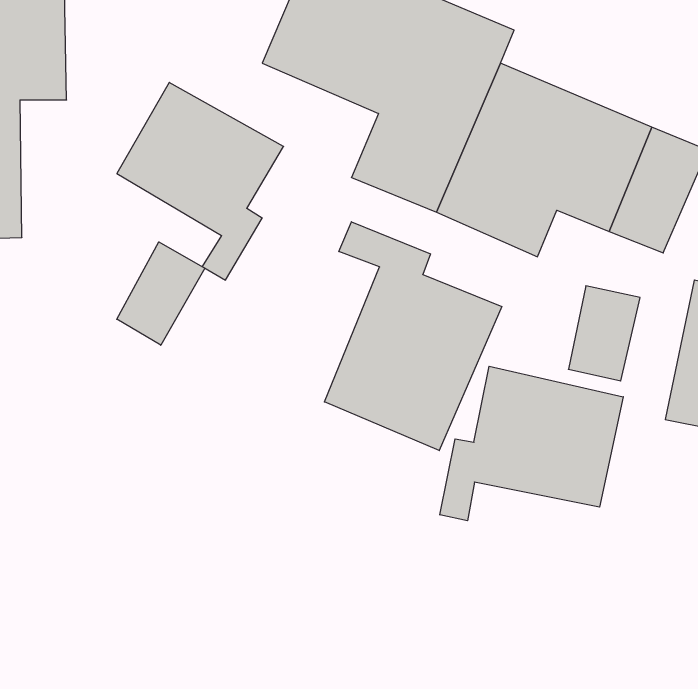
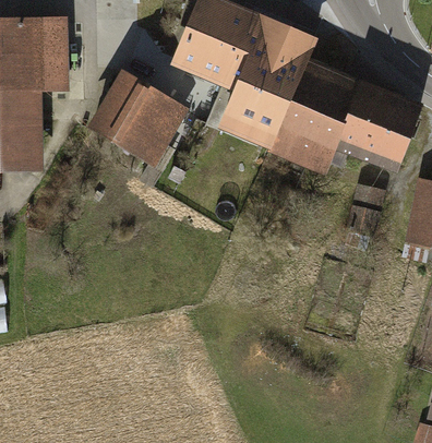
building: [324,222,502,451] -> none
building: [117,242,205,345] -> none
building: [440,366,623,521] -> none

